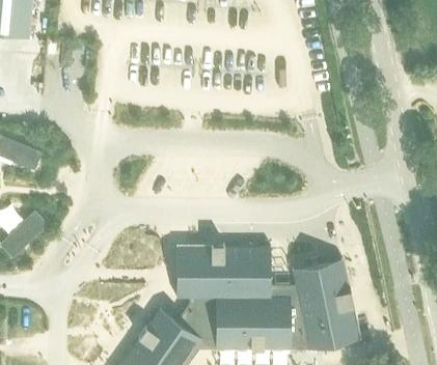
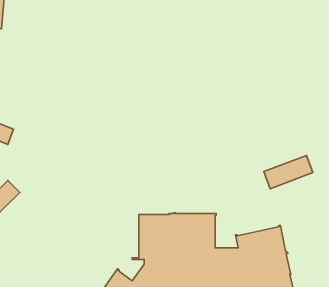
building: none -> [264,155,313,189]

